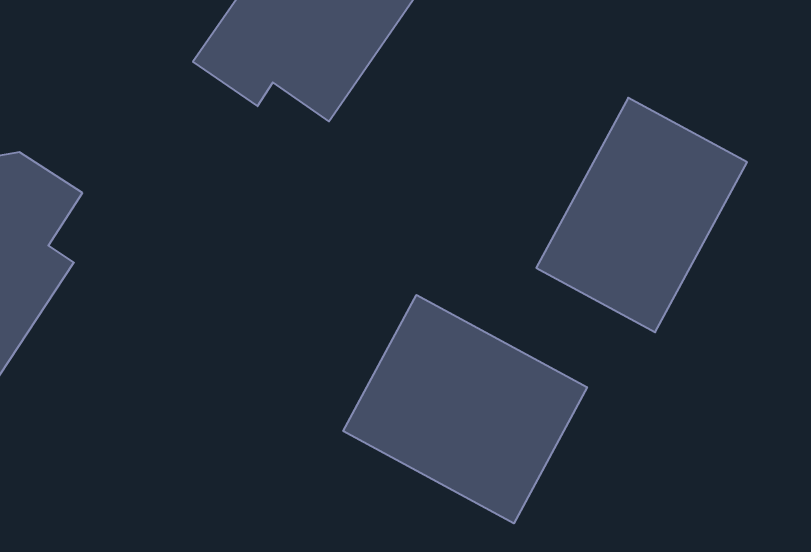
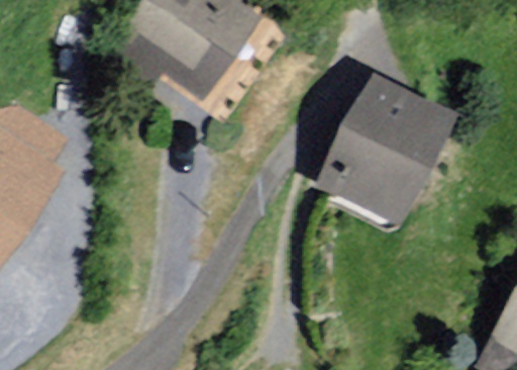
building: [343,295,587,523] -> none

